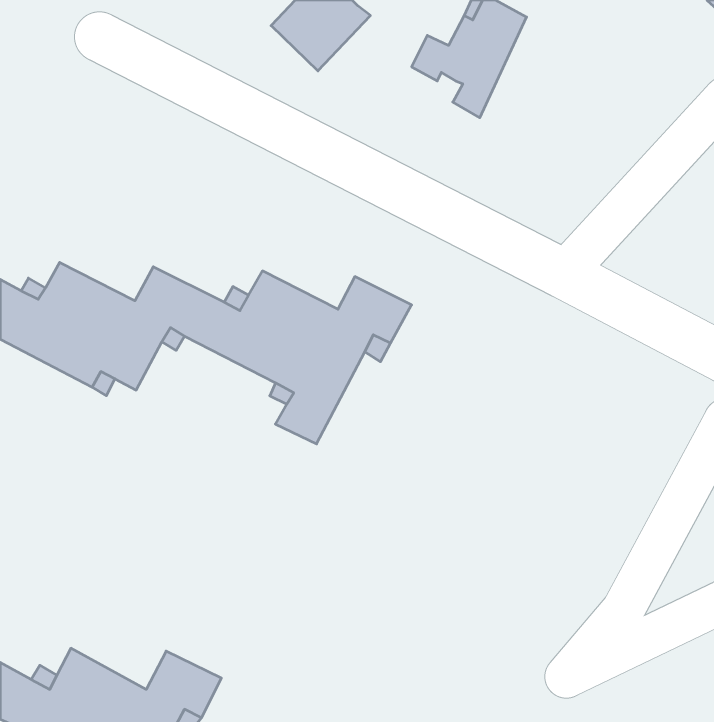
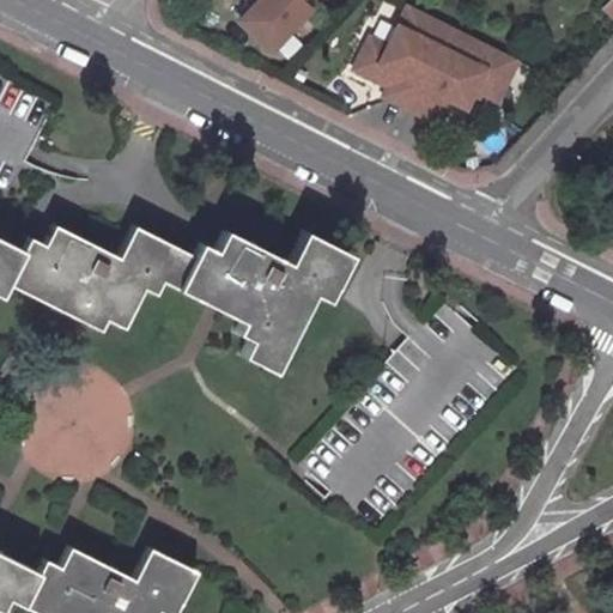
building: none -> [414,17,520,110]

